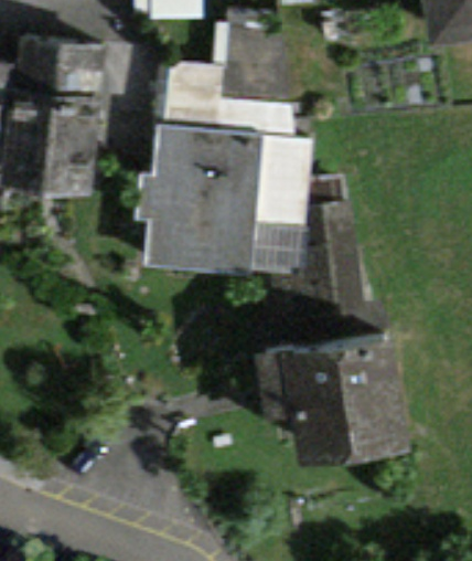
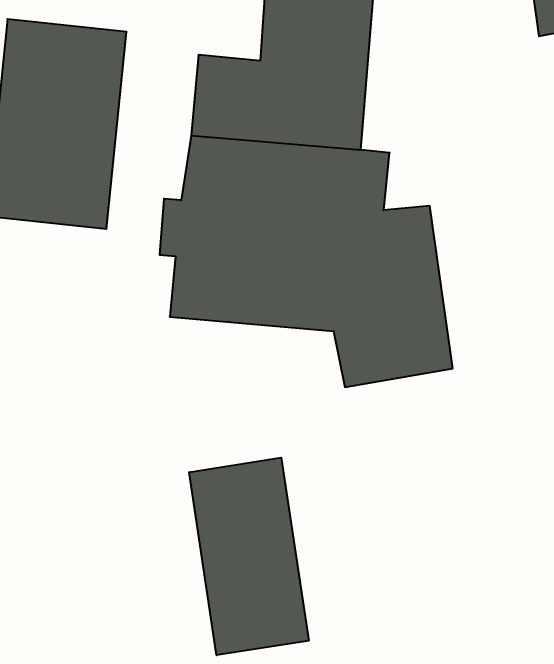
building: [258,338,409,466] -> none
building: none -> [189,458,309,655]

